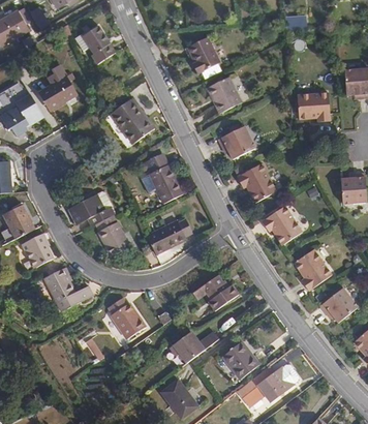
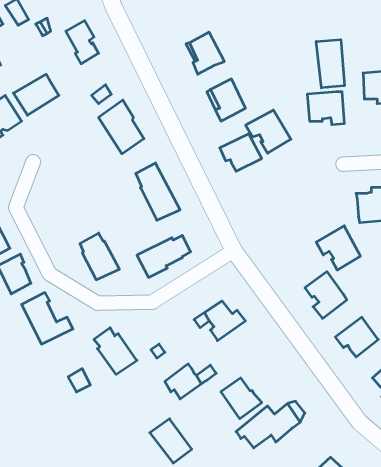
building: none -> [316,40,344,88]
building: [238,163,278,202] -> [246,110,291,153]
building: [66,193,112,224] -> none
building: [264,206,303,245] -> [316,226,360,270]

